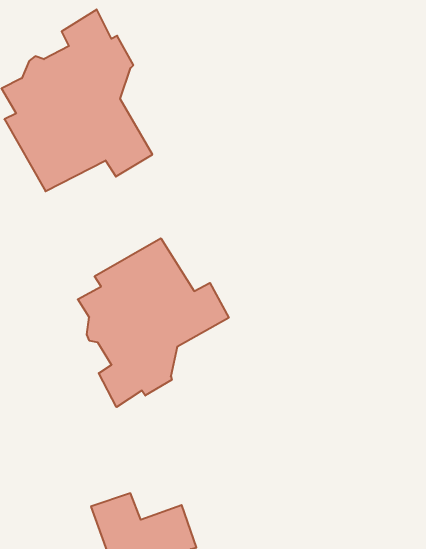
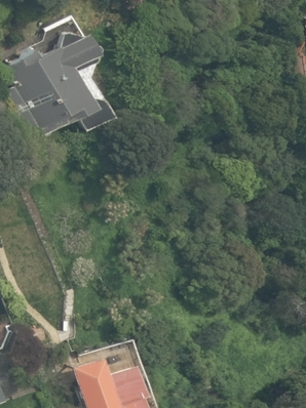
building: [78,238,229,407] -> none

